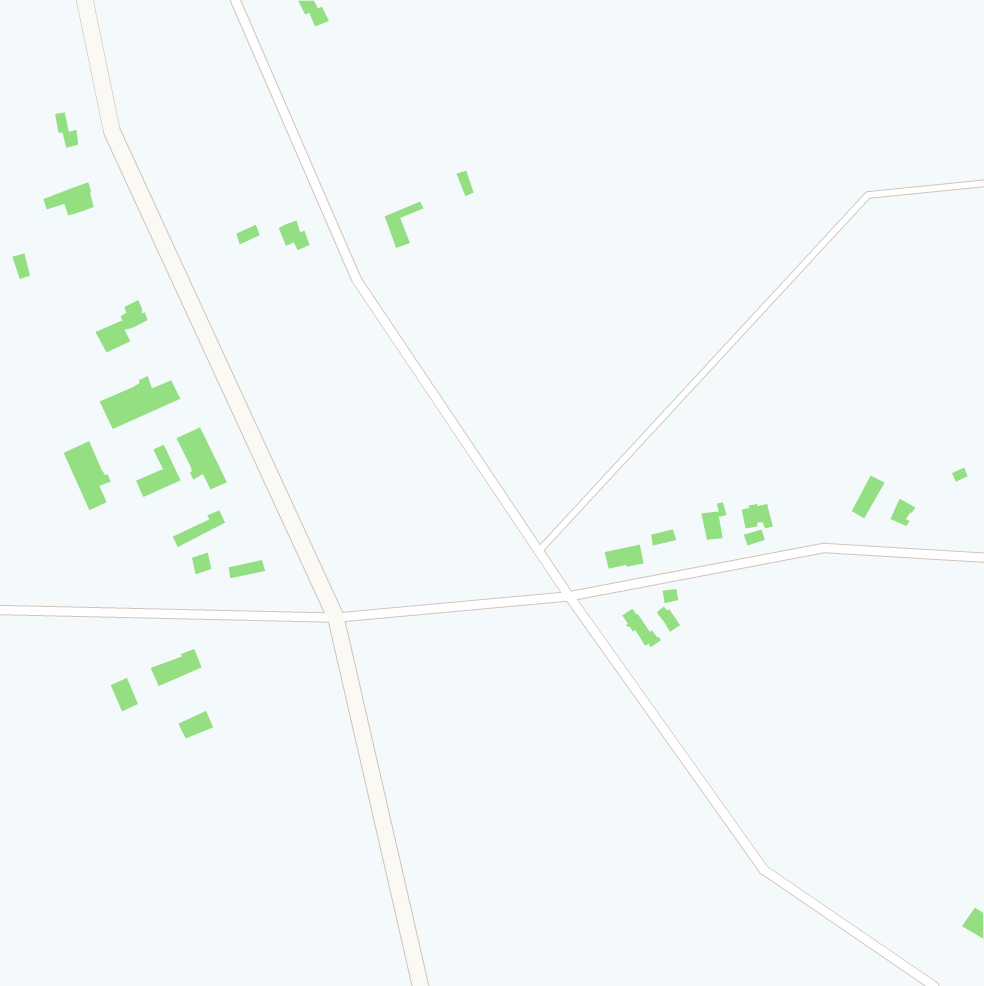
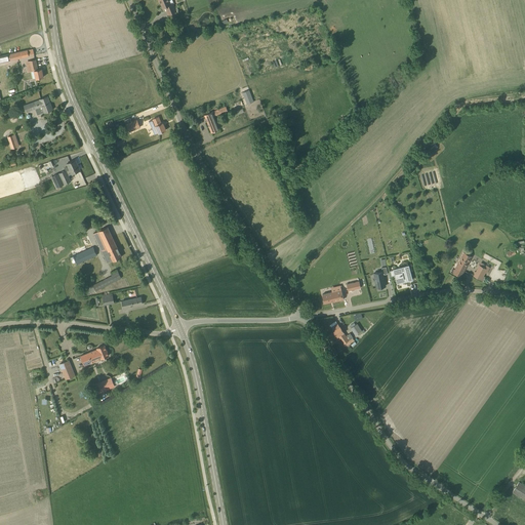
building: [99,375,181,430] -> none
building: [63,440,112,511] -> none

